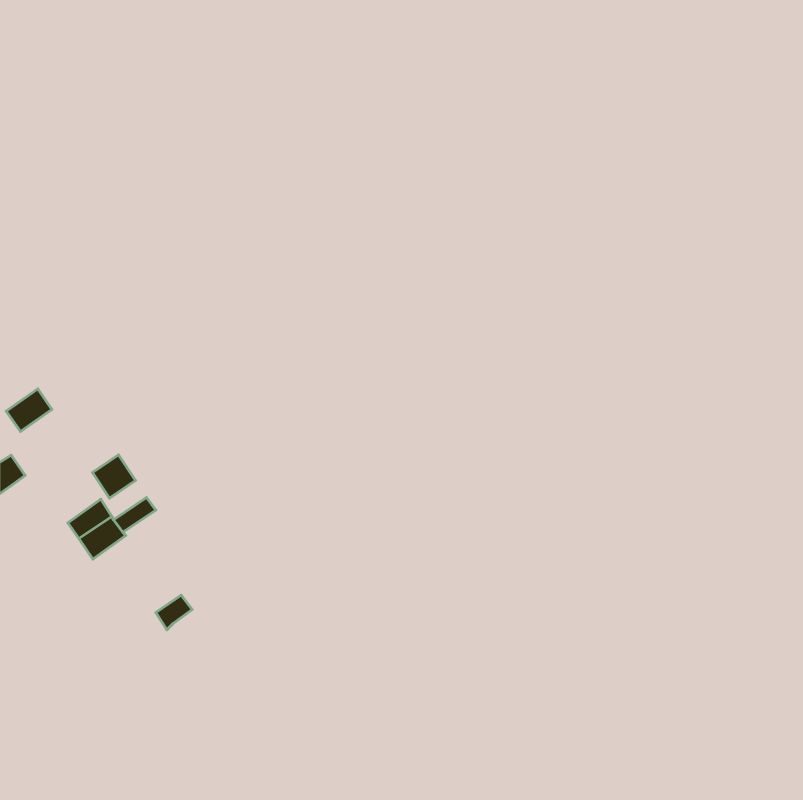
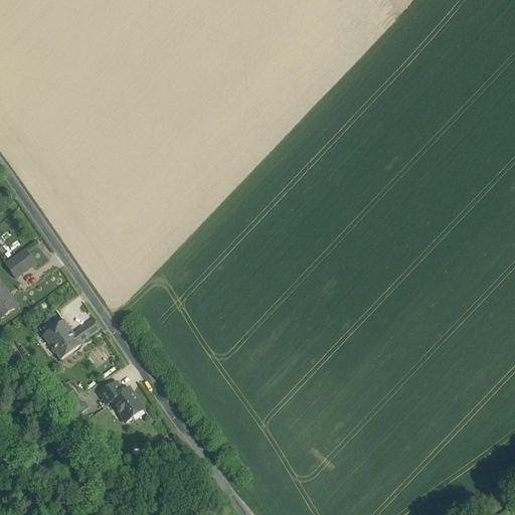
building: [92,455,136,498] -> none
building: none -> [111,388,143,420]

